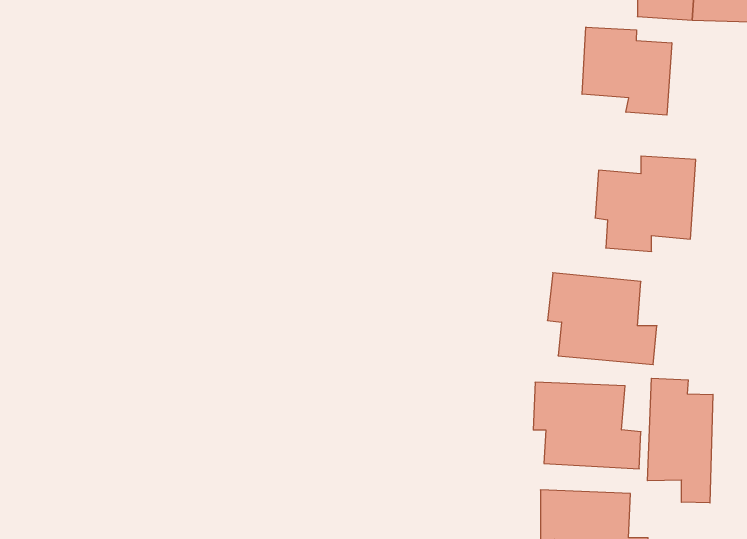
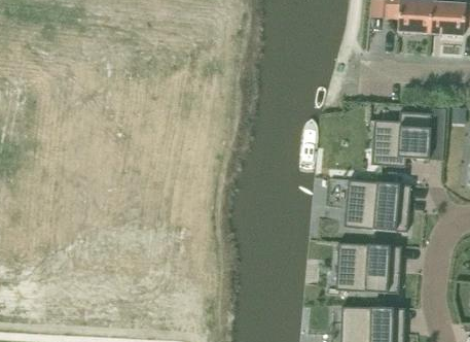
building: [582,27,672,115] -> none
building: [648,378,713,503] -> none

